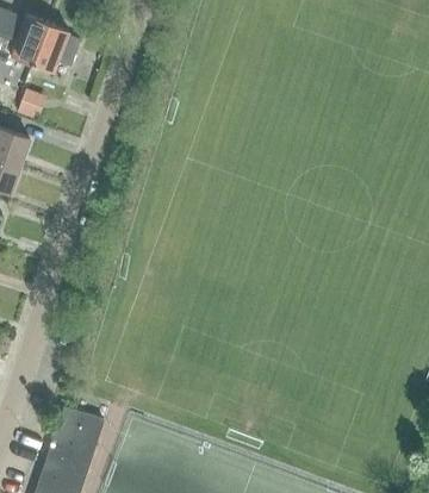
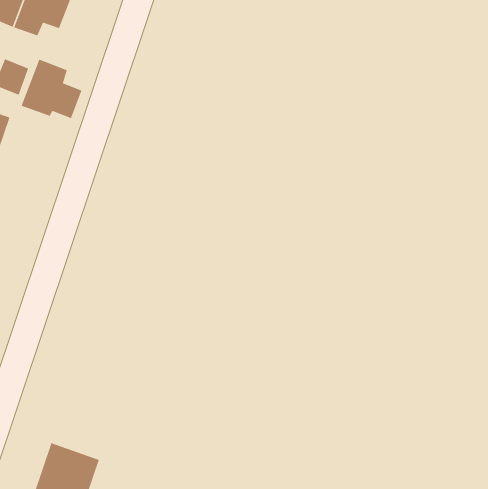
building: none -> [20,58,83,119]

